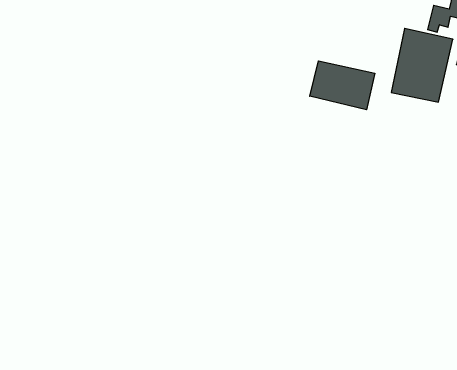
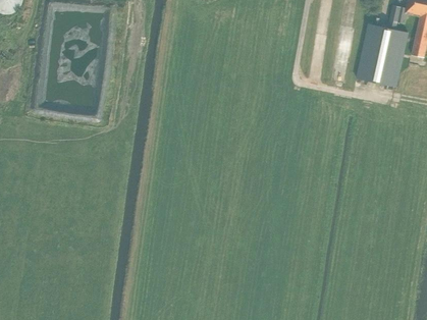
building: [310,61,375,110] -> none

